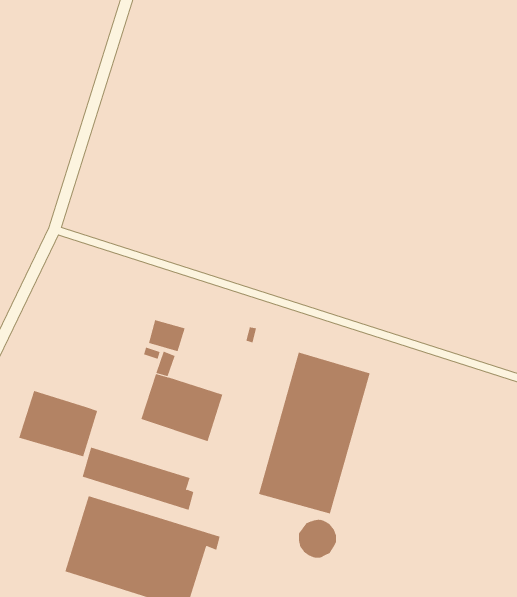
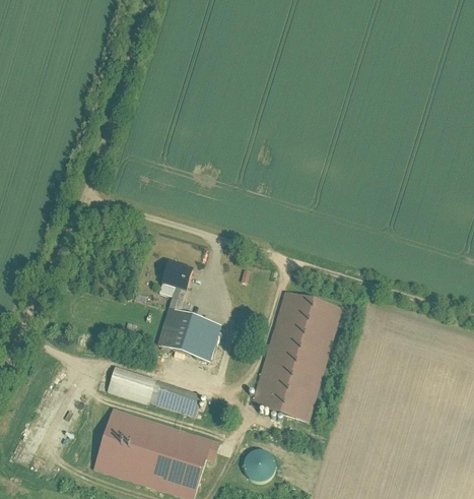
building: [19,390,98,457] -> none
building: [298,519,337,558] -> [244,448,275,480]

